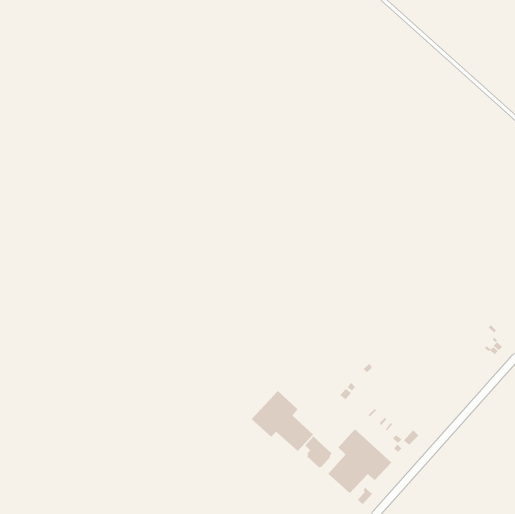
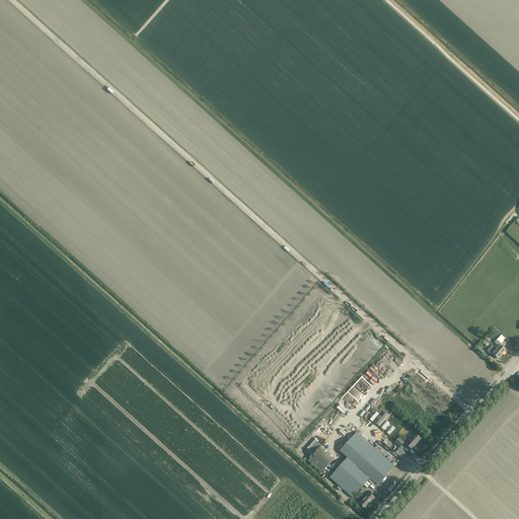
building: [251,390,314,452] -> none

